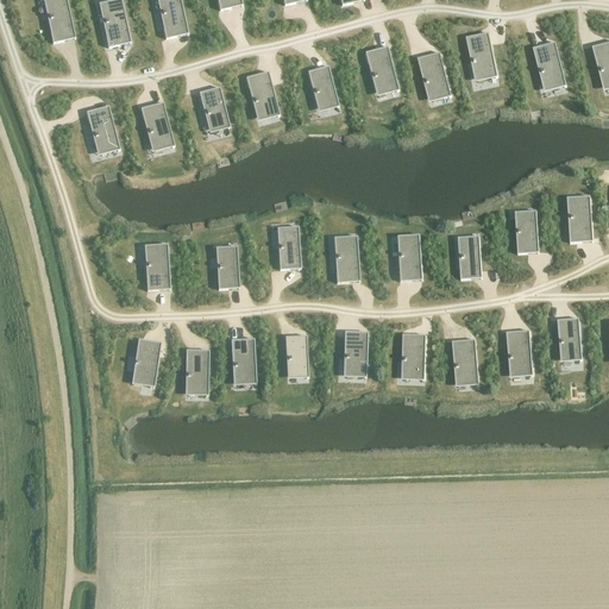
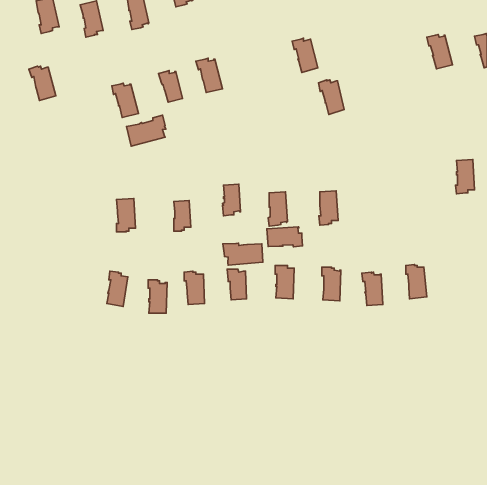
building: [465,33,496,76] -> none
building: [416,54,448,96] -> [318,80,344,114]
building: [306,68,337,106] -> none
building: [84,107,118,150] -> [29,66,56,101]
building: none -> [126,115,166,146]
building: [515,214,538,252] -> none
building: [458,239,481,278] -> none
building: none -> [267,227,303,247]
building: none -> [223,243,263,265]
building: [557,318,580,356] -> none

